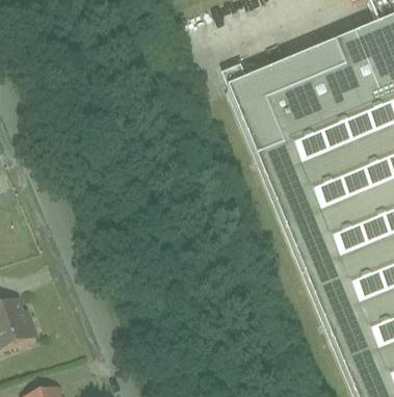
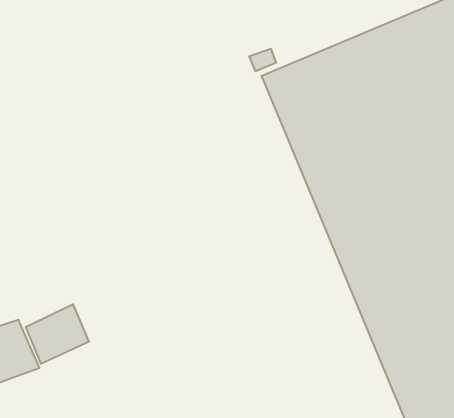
building: none -> [26,304,89,364]

